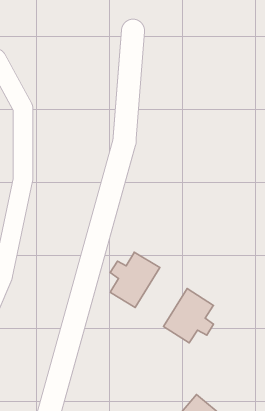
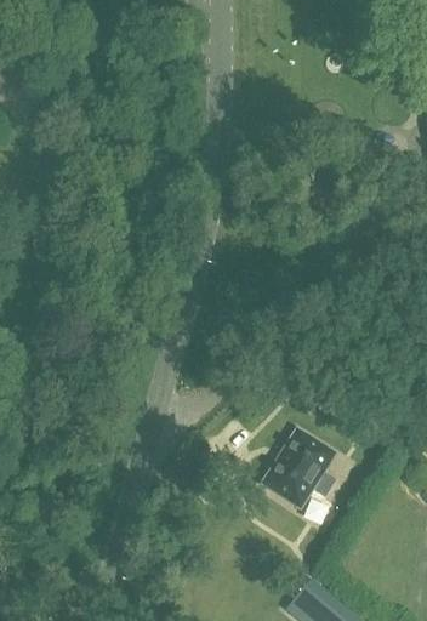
building: [110,252,160,307] -> none

